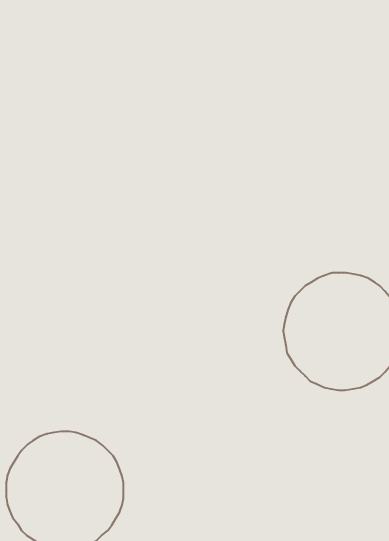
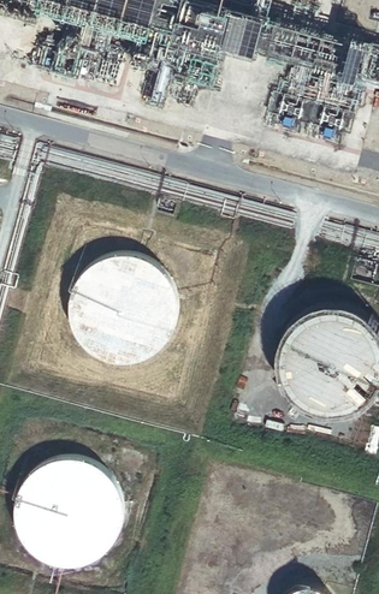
building: none -> [69,254,178,363]

